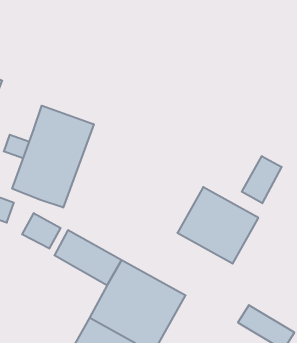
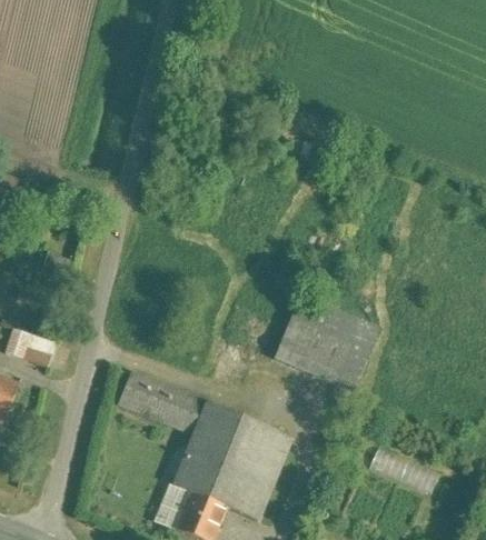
building: [12,106,94,208] -> none
building: [242,156,282,203] -> none
building: [22,213,61,249] -> none

